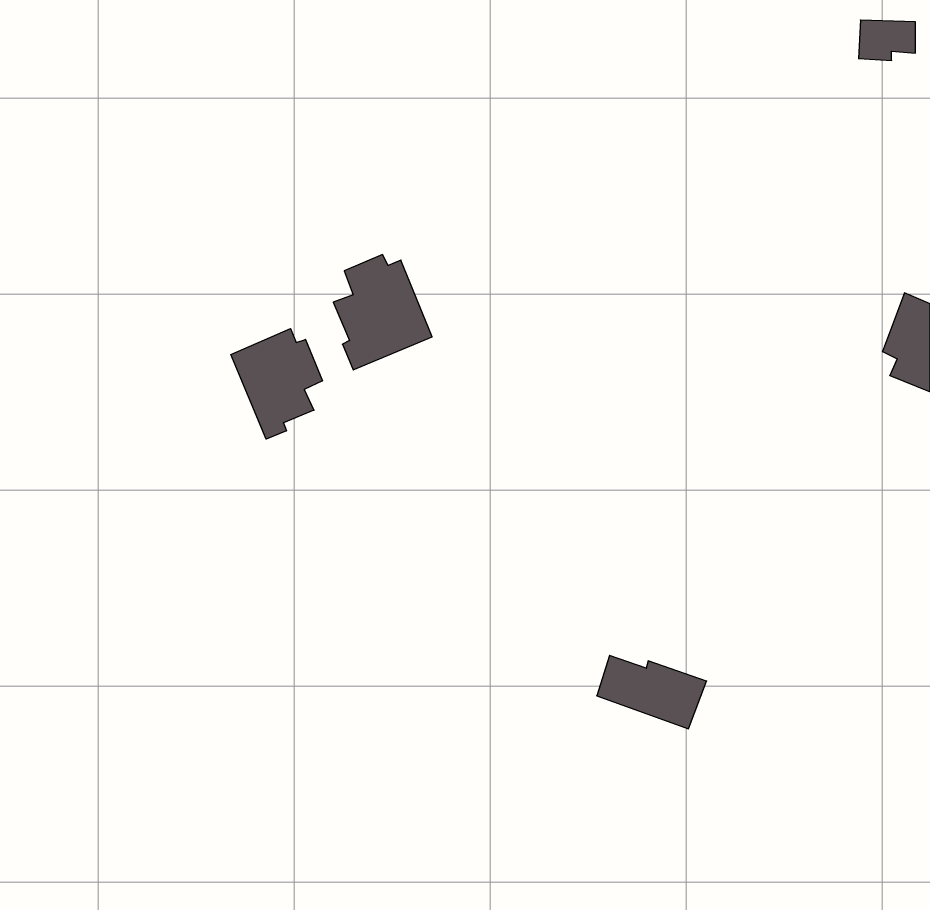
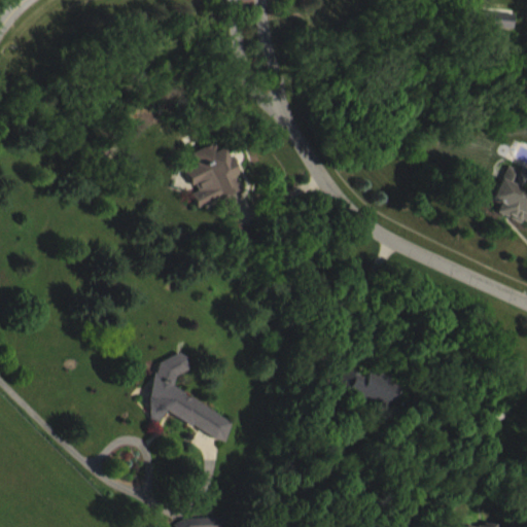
building: [231,329,322,439] -> none
building: none -> [146,348,235,442]

